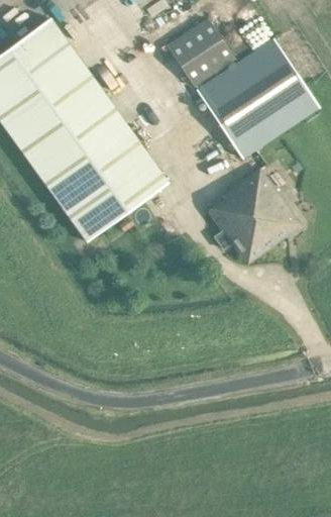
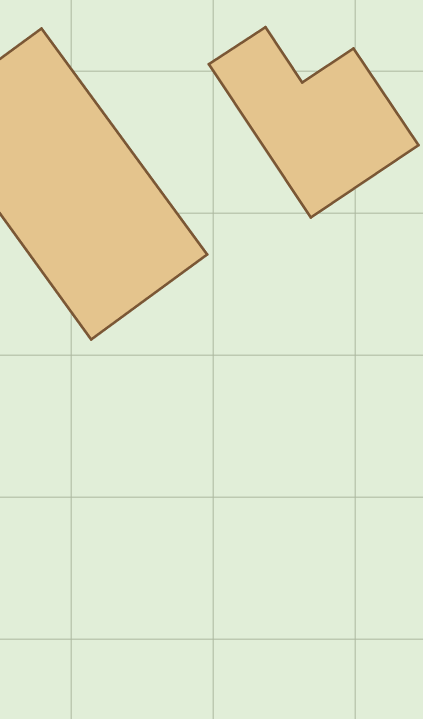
building: [209,167,302,262] -> none

